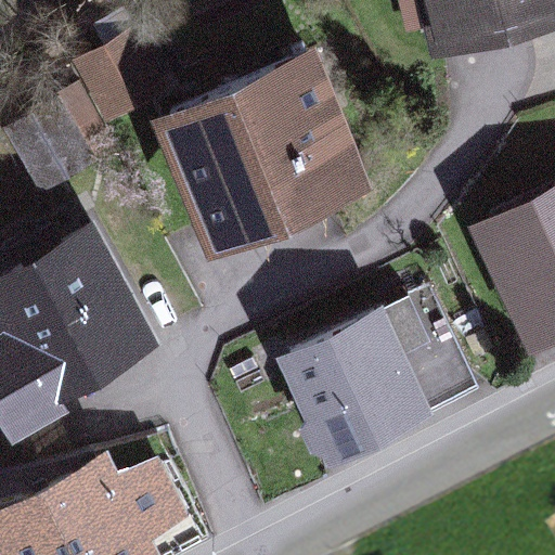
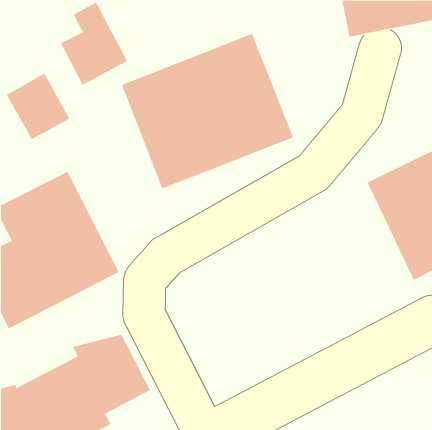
building: [273,297,469,476] -> none

